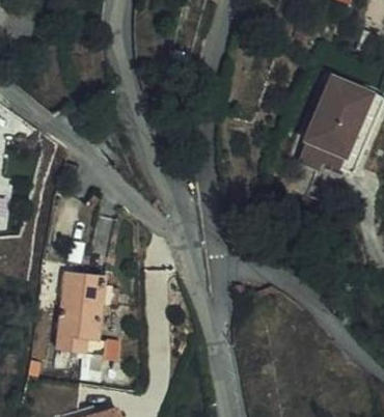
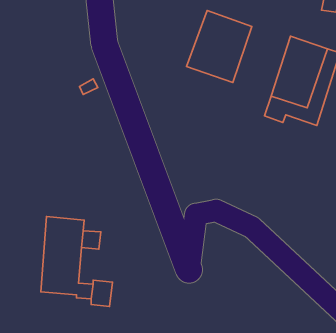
building: none -> [186,11,252,82]

